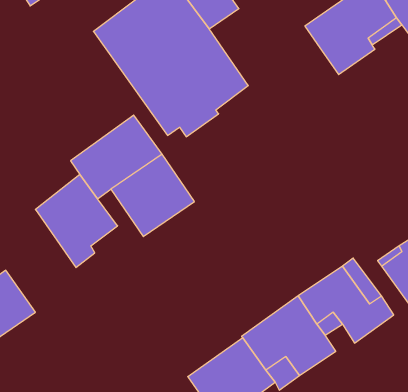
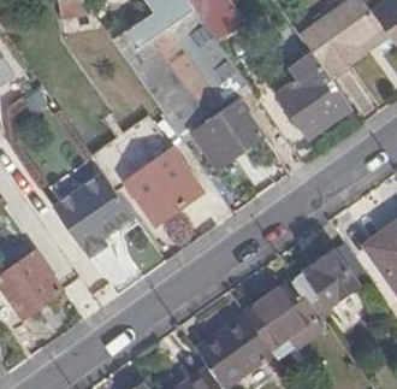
building: none -> [277,52,350,138]
building: none -> [194,108,260,170]

